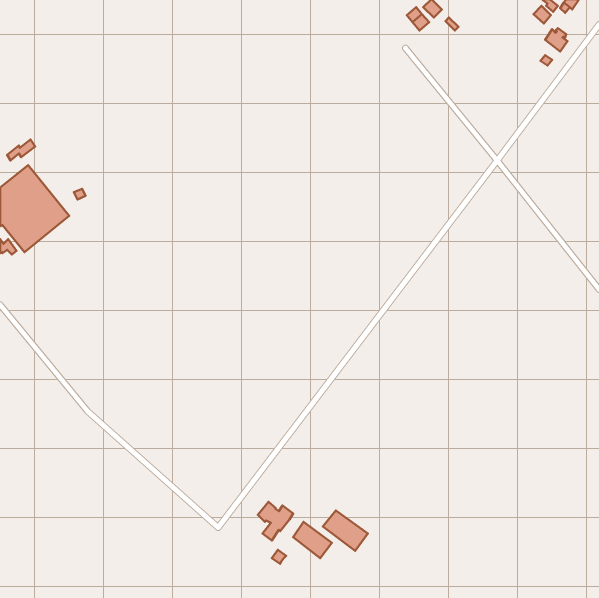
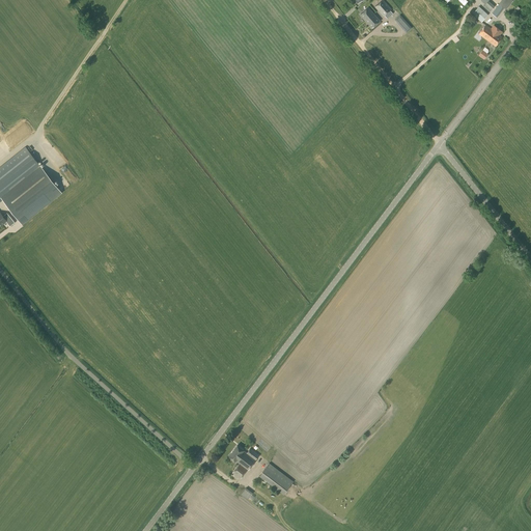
building: [323,511,368,551] -> none

